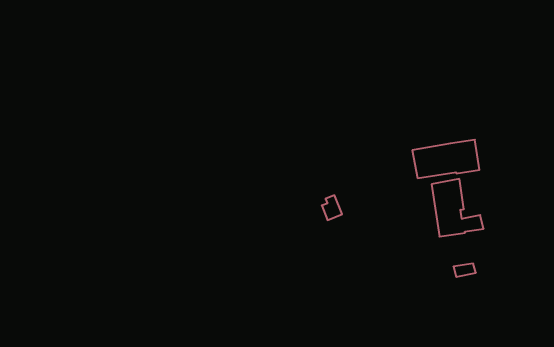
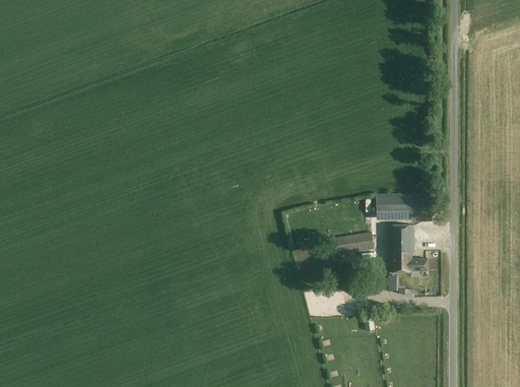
building: none -> [334,232,377,255]

